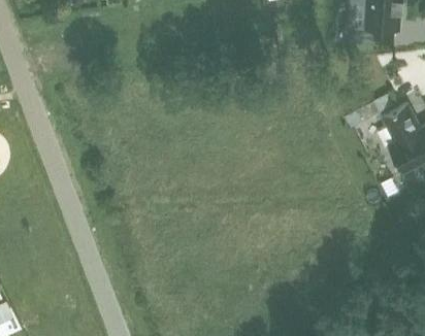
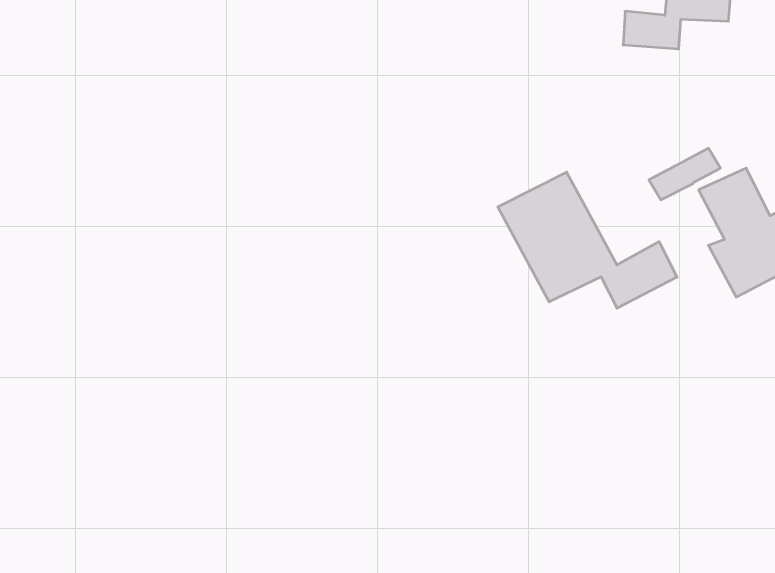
building: none -> [498,172,677,308]

